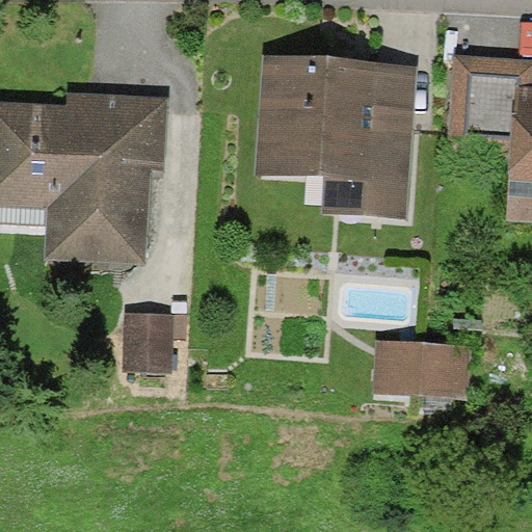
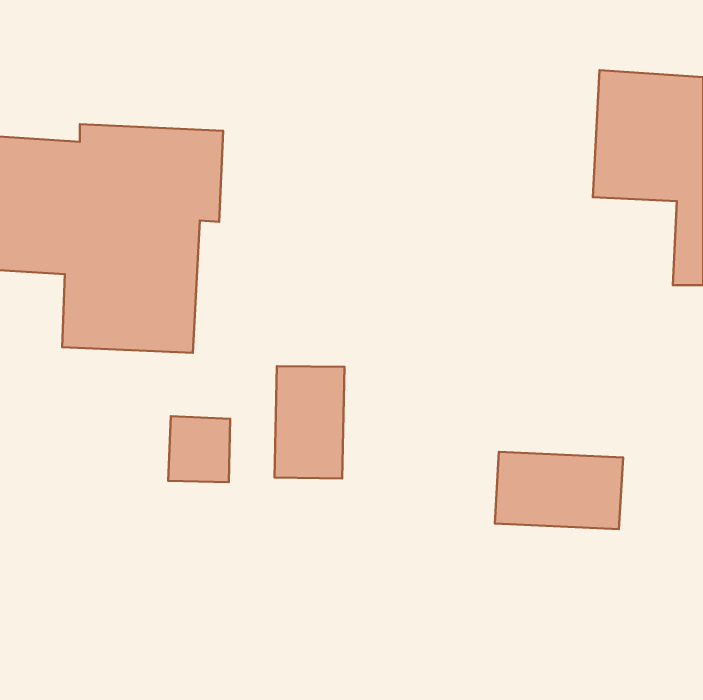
building: [255,58,416,216] -> none
building: none -> [274,366,345,478]

